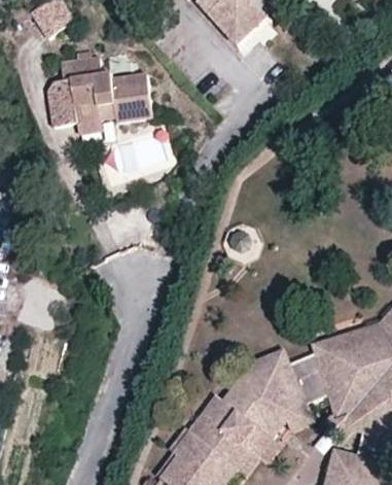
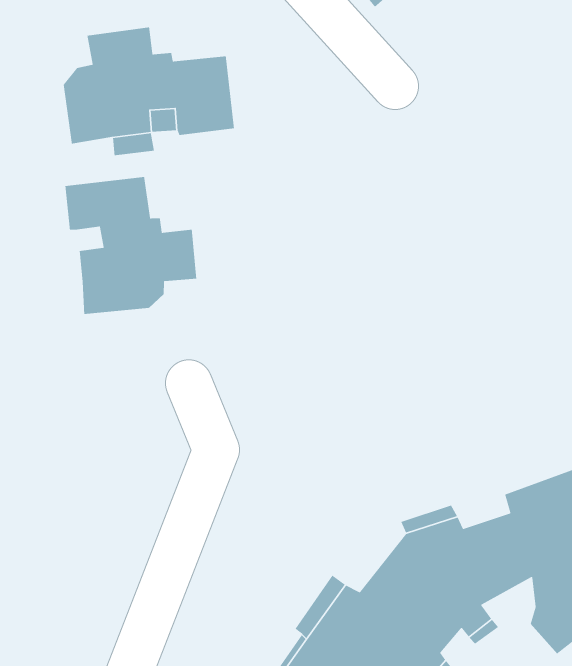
building: none -> [64,176,197,315]

